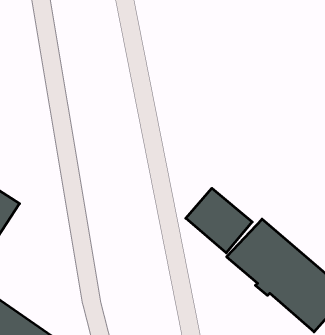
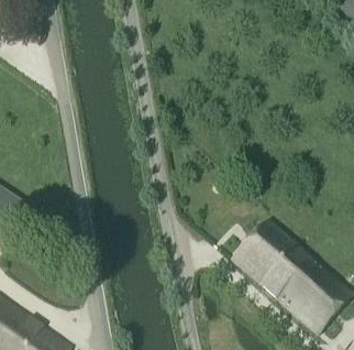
building: [186,188,252,253] -> none

